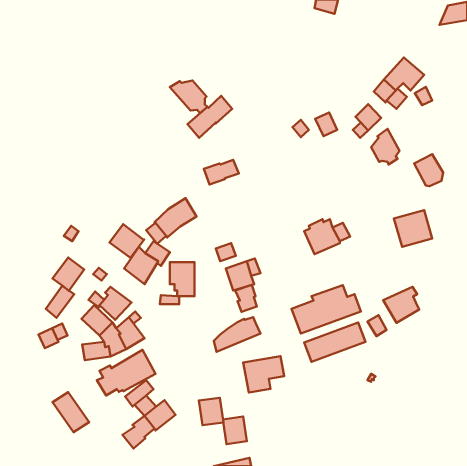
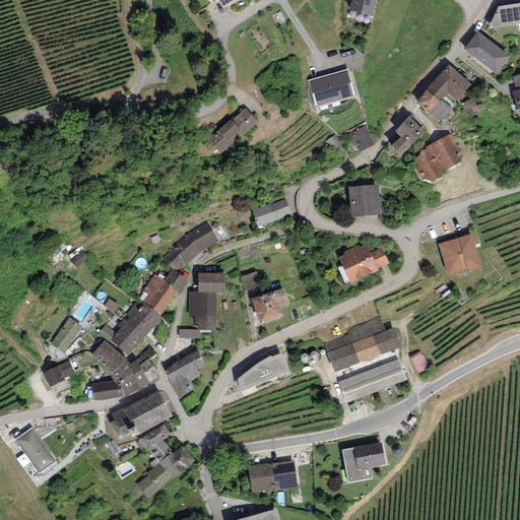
building: none -> [464,30,511,74]
building: none -> [307,68,355,108]
building: [170,80,207,113] -> none
building: [414,154,443,186] -> [431,133,463,169]
building: [204,160,239,185] -> [252,199,290,226]
building: none -> [348,184,381,215]
building: [110,224,144,258] -> [123,299,161,336]
building: none -> [198,272,225,291]
building: [52,258,84,291] -> none
building: [235,285,257,312] -> none
building: [383,287,419,323] -> none
building: none -> [165,349,205,398]
building: [243,356,284,393] -> [341,442,387,482]
building: [53,392,89,432] -> [15,428,56,472]
building: [199,398,223,425] -> [270,460,298,491]

